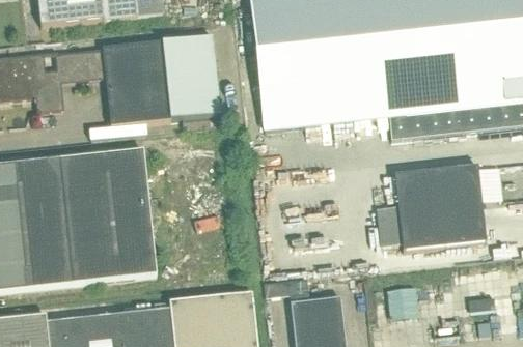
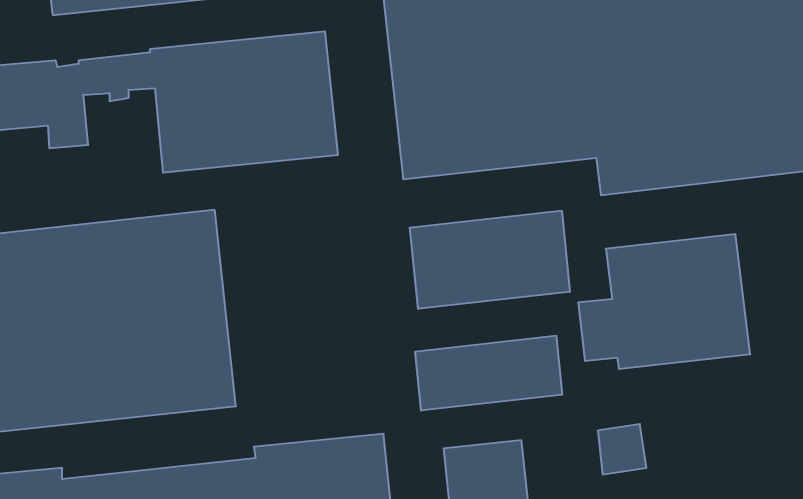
building: none -> [410,211,570,309]
building: none -> [415,336,562,411]

